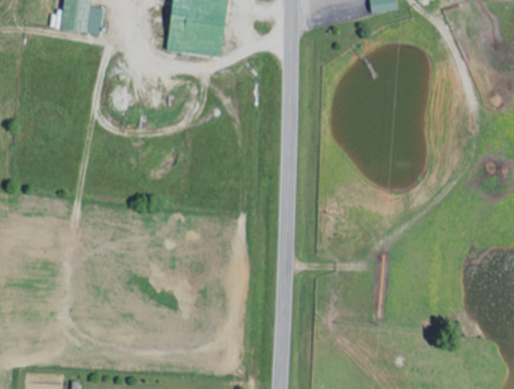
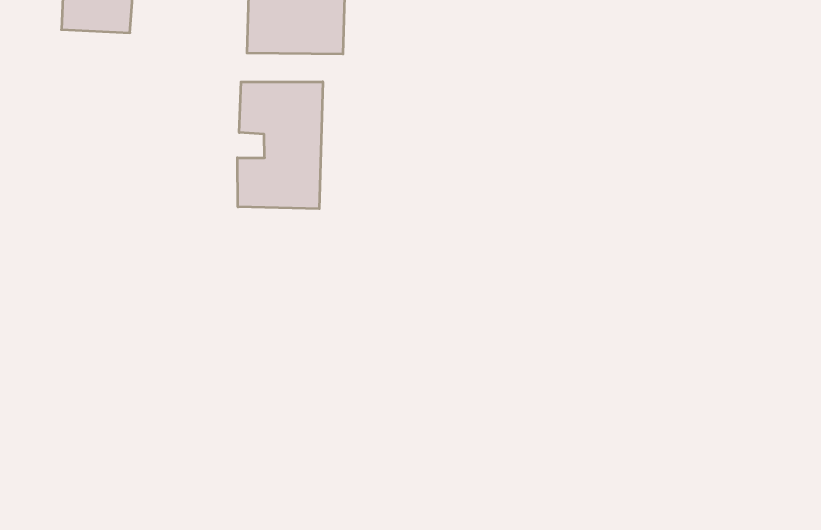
building: none -> [237,82,323,209]

